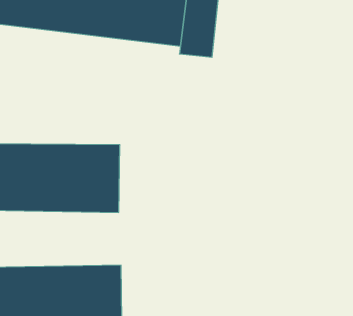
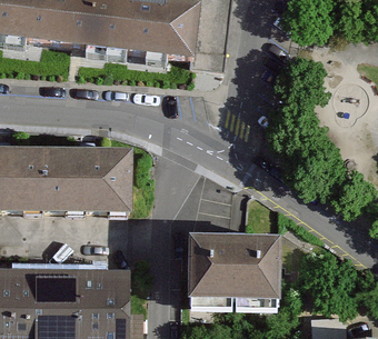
building: none -> [185,235,273,298]

